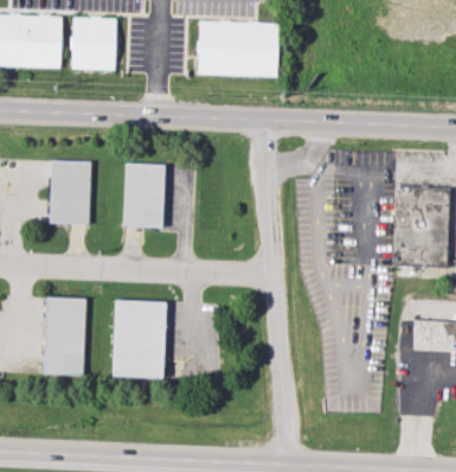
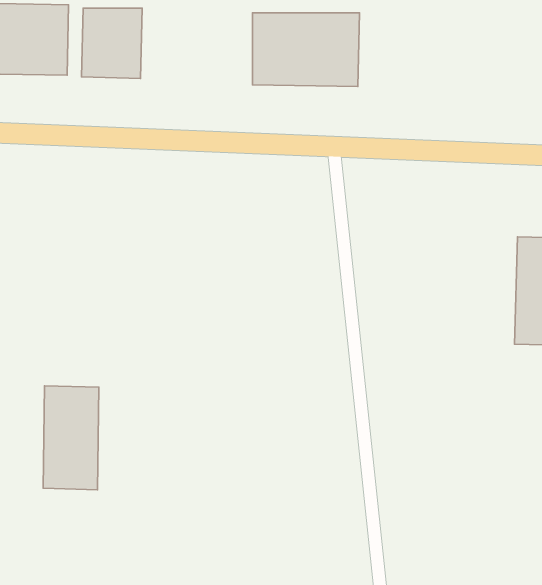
building: [50,160,91,224] -> none
building: [123,164,165,228] -> none
building: [113,300,166,378] -> none

